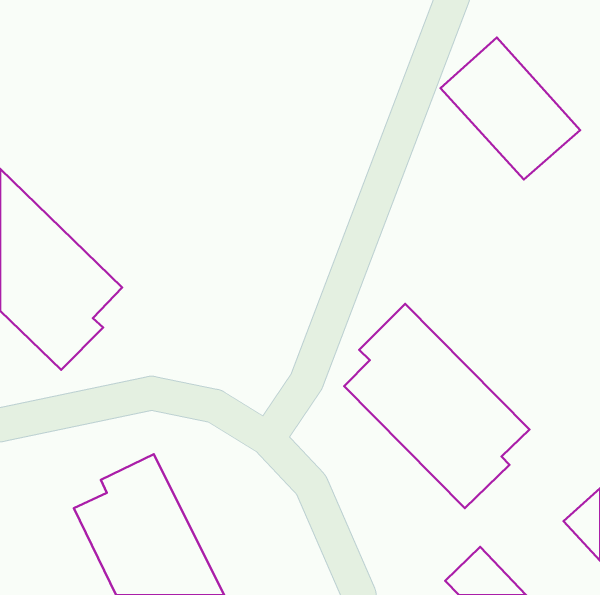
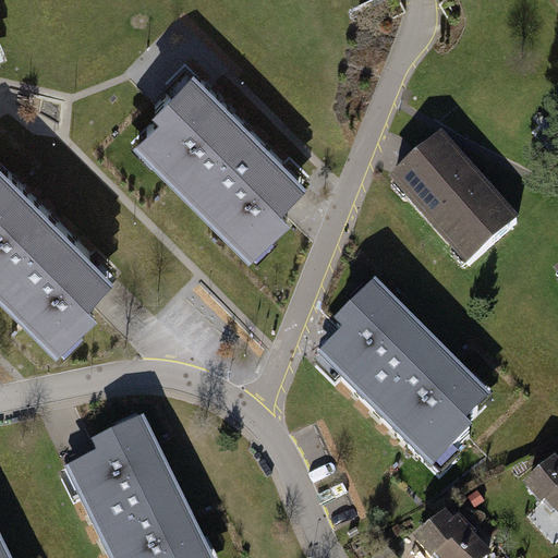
building: [440,38,580,180] -> [392,136,522,268]
building: none -> [133,59,305,252]

